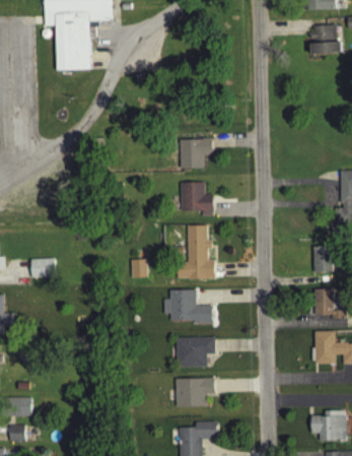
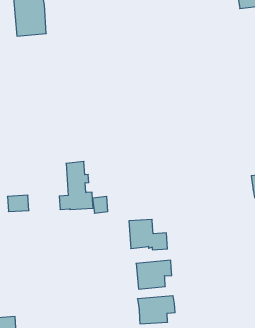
building: [179,138,211,169] -> none
building: [180,182,212,211] -> none
building: [177,224,214,278] -> [59,161,93,210]

